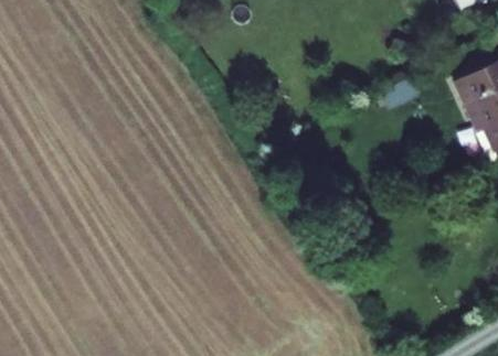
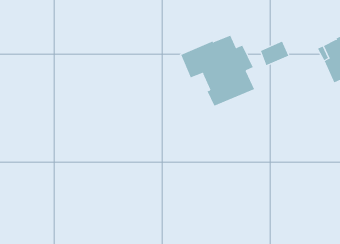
building: none -> [180,35,255,106]

